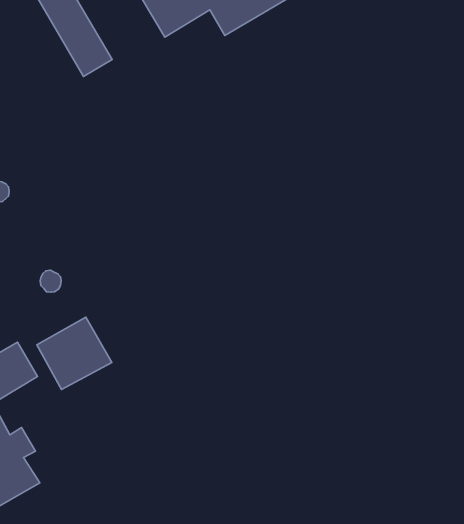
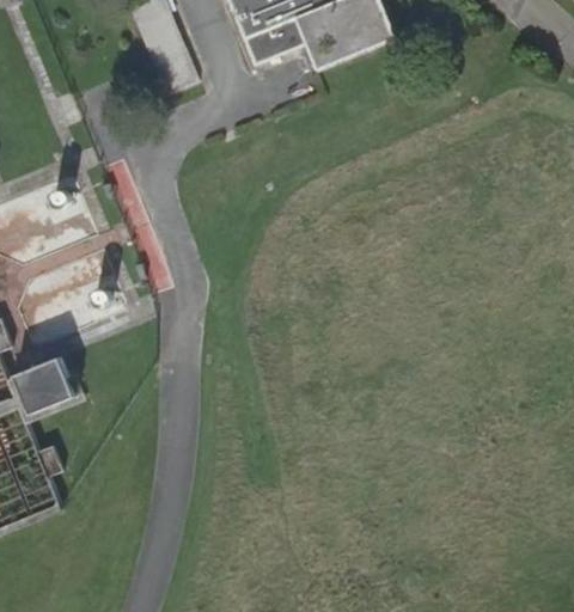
building: [37,317,112,389] -> none

